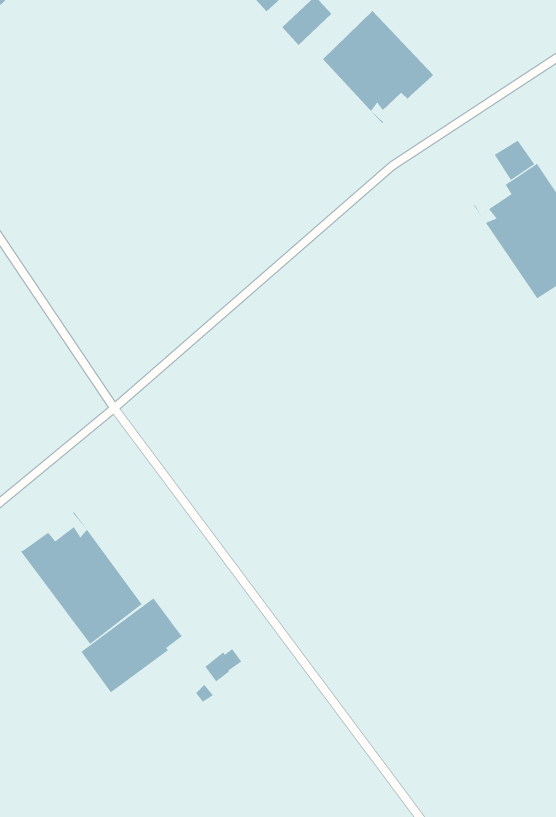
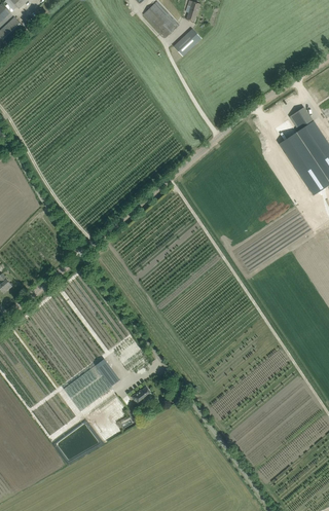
building: [322,10,434,124] -> none
building: [20,512,142,645] -> none

